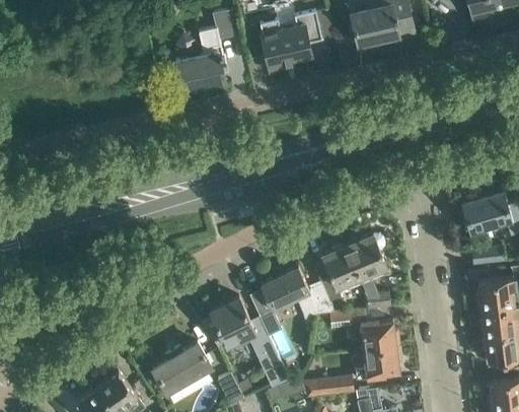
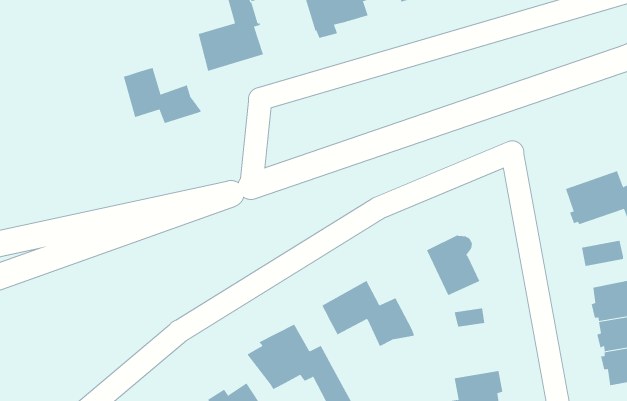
building: none -> [123,67,202,124]
building: [320,245,362,302] -> none
building: [328,311,399,349] -> none

